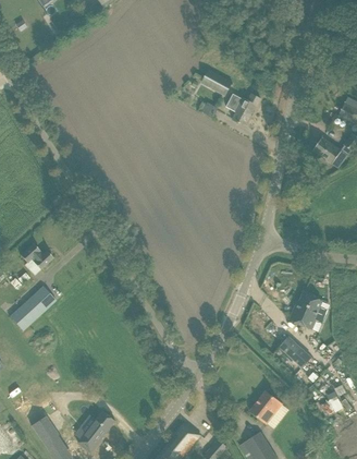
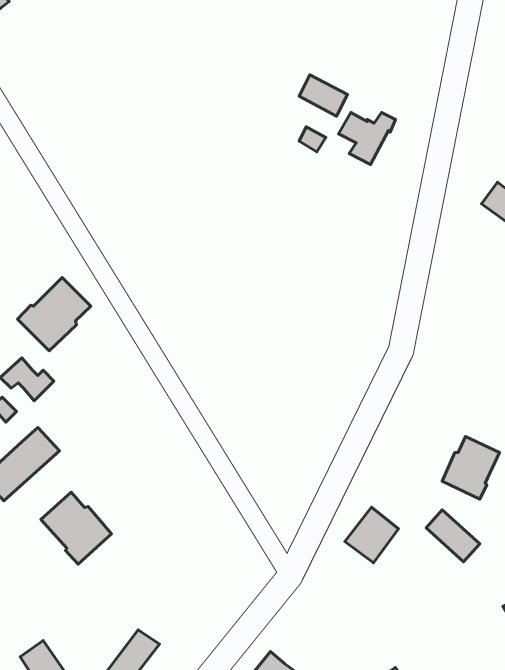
building: none -> [17,278,91,351]
building: none -> [41,492,112,564]
building: [249,389,282,423] -> [345,507,398,563]

